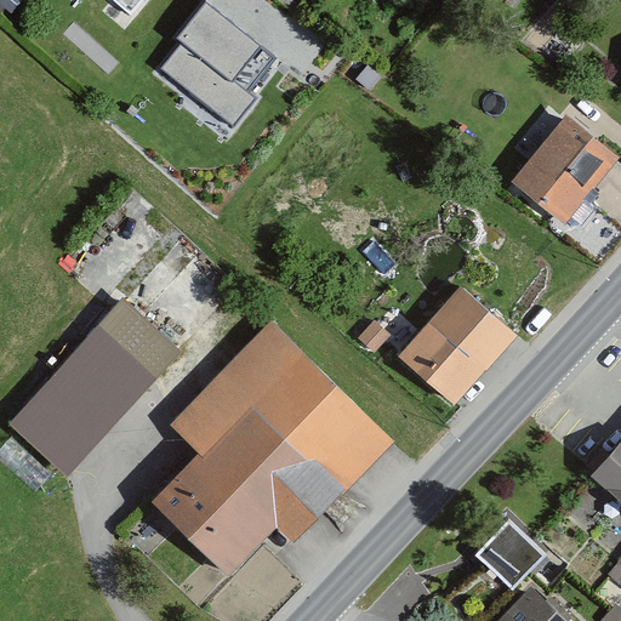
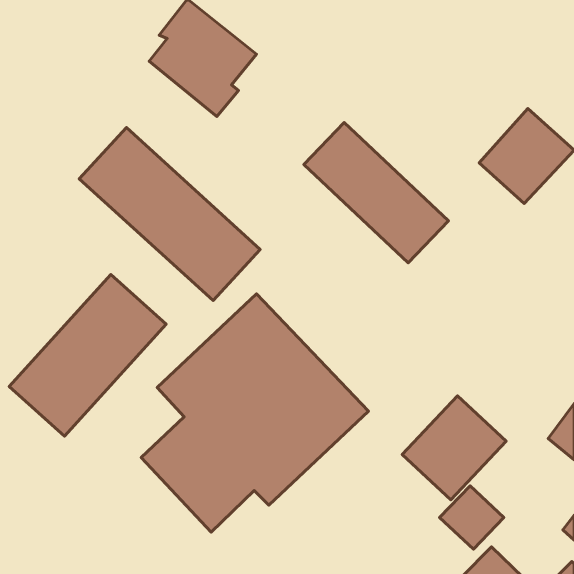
building: none -> [304,122,448,263]
building: none -> [79,128,260,301]
building: [404,290,515,401] -> [402,396,506,500]

